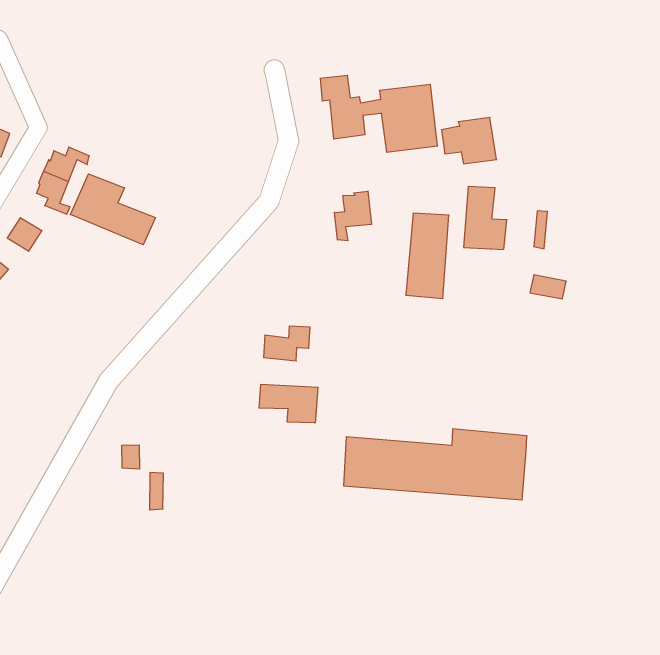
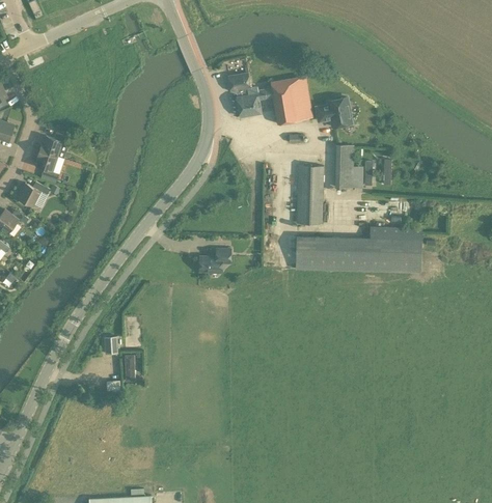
building: [70,174,155,245] -> none
building: [334,191,372,241] -> none
building: [259,384,318,423] -> none
building: [344,429,527,500] -> [296,226,421,273]

